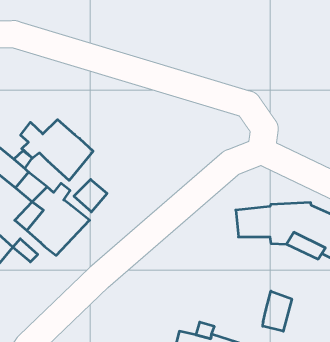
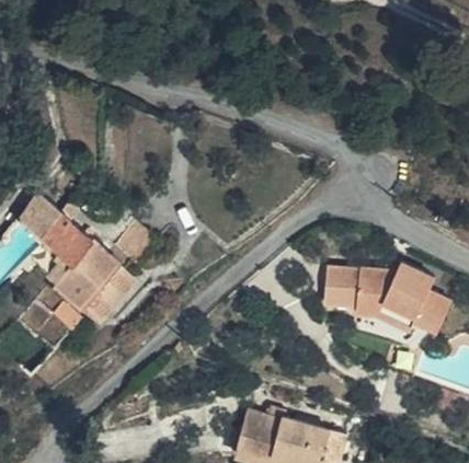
building: [21,120,93,180] -> none
building: [263,291,292,331] -> none

